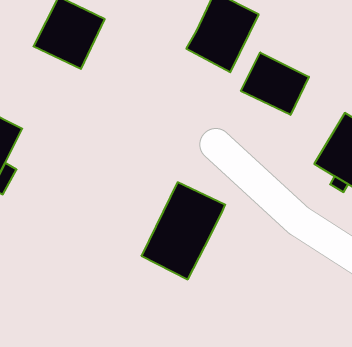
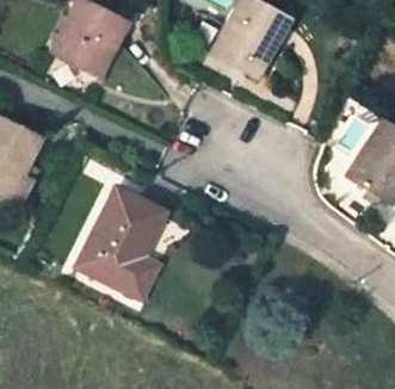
building: [241,52,309,115] -> none
building: [141,182,225,279] -> [76,189,165,291]

